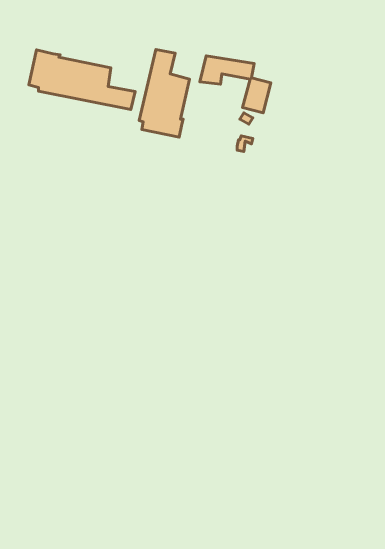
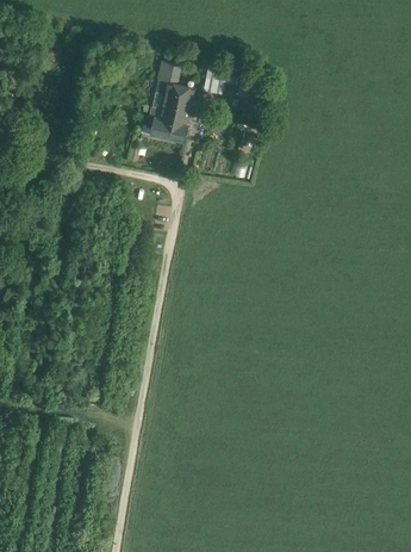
building: [29,50,135,110] -> none

